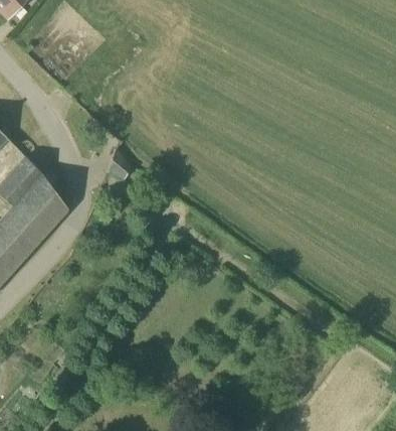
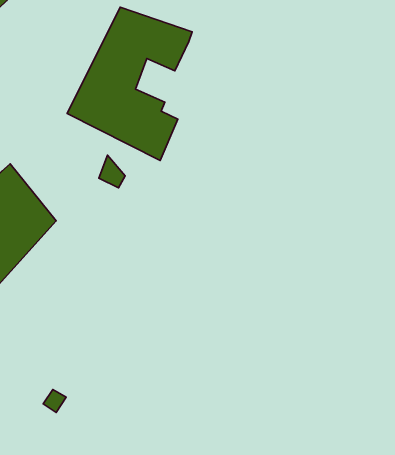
building: none -> [67,7,192,160]

